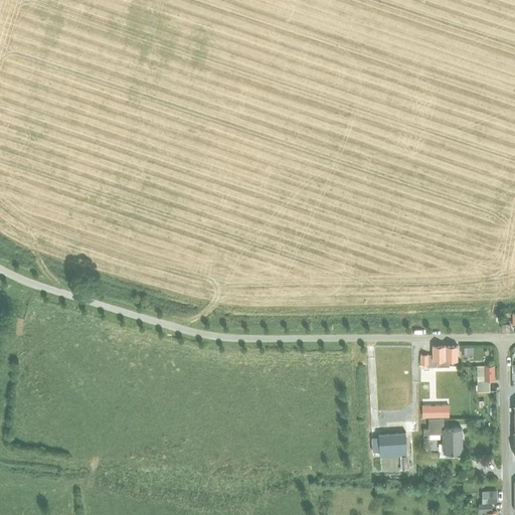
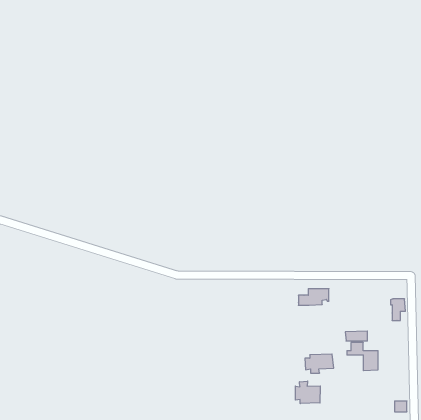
building: [420,347,458,367] -> [298,289,329,305]
building: none -> [295,381,320,404]

